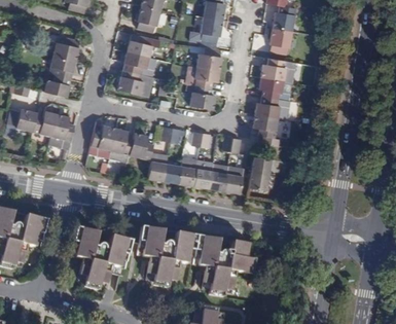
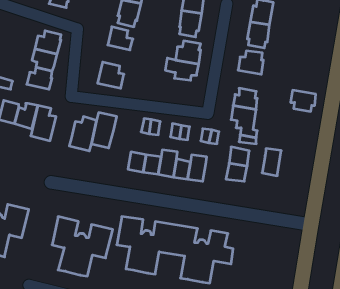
building: [121,51,149,73] -> none
building: [257,77,283,99] -> [291,90,316,111]
building: [188,85,215,110] -> none
building: [128,133,153,160] -> none
building: [223,166,243,193] -> [262,149,281,176]

